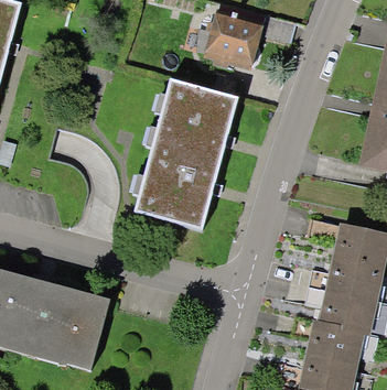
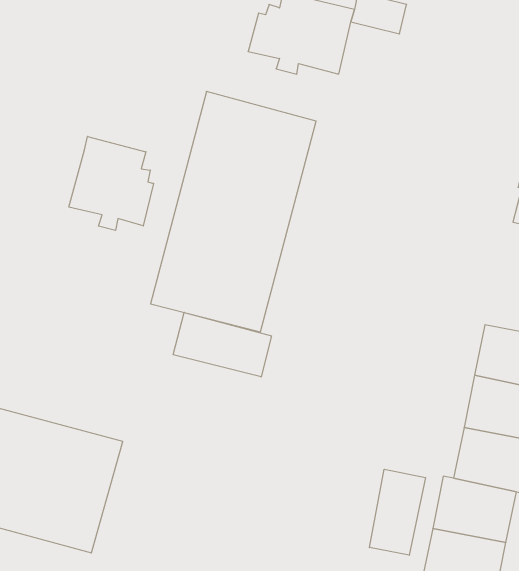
building: none -> [69,136,154,230]
building: none -> [173,312,271,377]
building: none -> [369,469,425,555]

